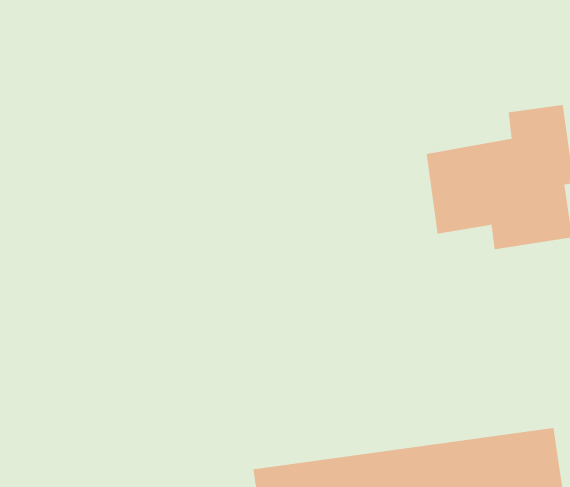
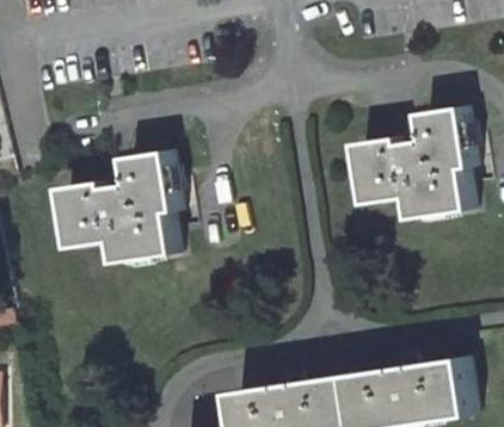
building: none -> [61,148,176,260]

